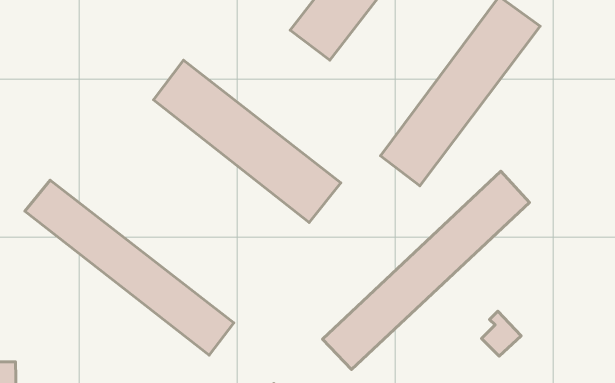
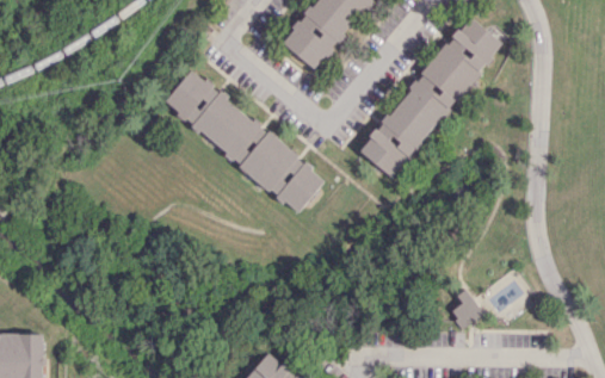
building: [322,171,530,369] -> none
building: [25,180,234,355] -> none

